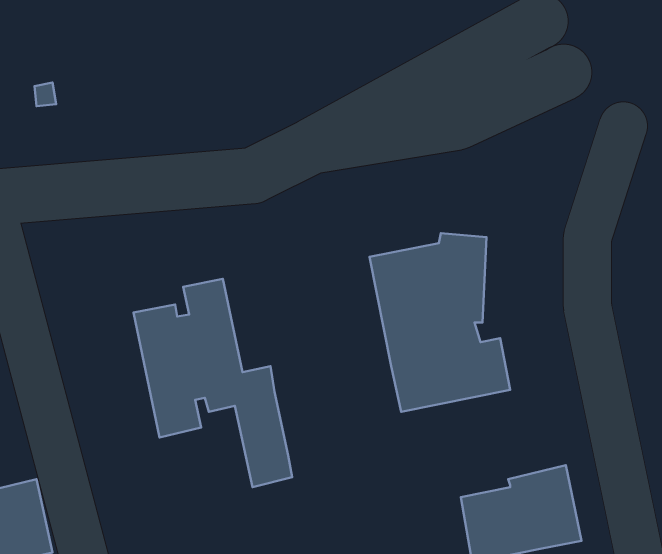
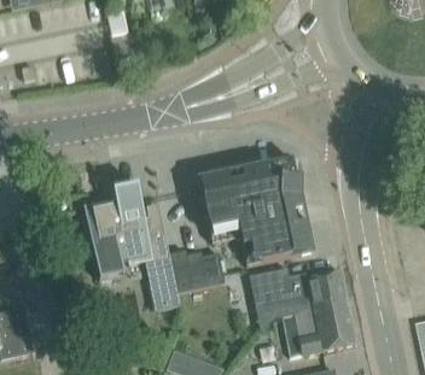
building: none -> [197,170,239,242]
building: none -> [168,248,223,291]
building: none -> [246,266,345,321]

